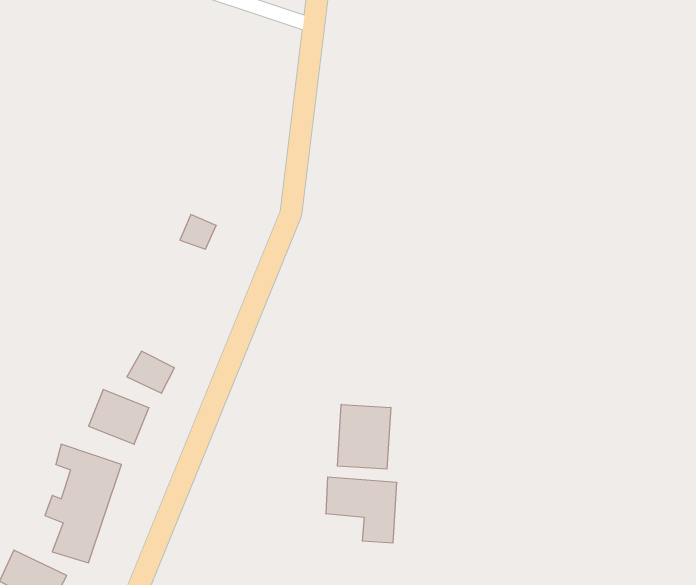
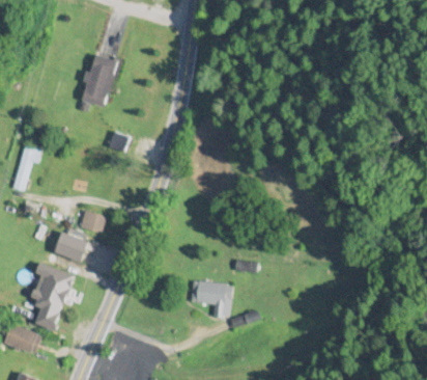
building: none -> [81,53,117,106]
building: none -> [11,143,40,190]
building: [338,404,391,469] -> none

